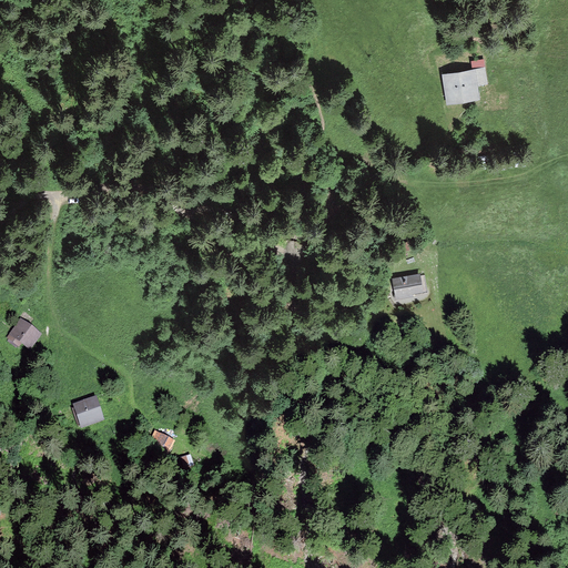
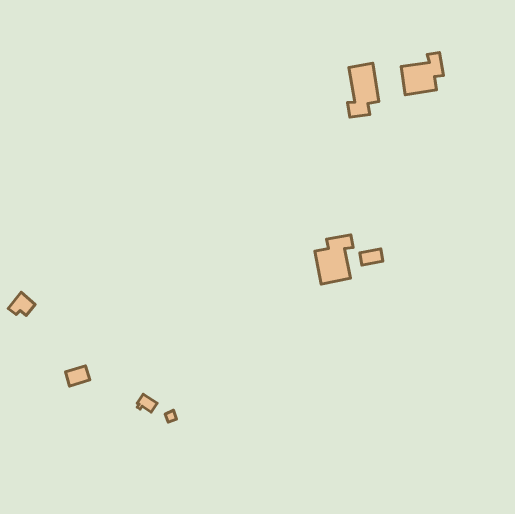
building: none -> [348,63,379,117]
building: none -> [315,235,353,284]

